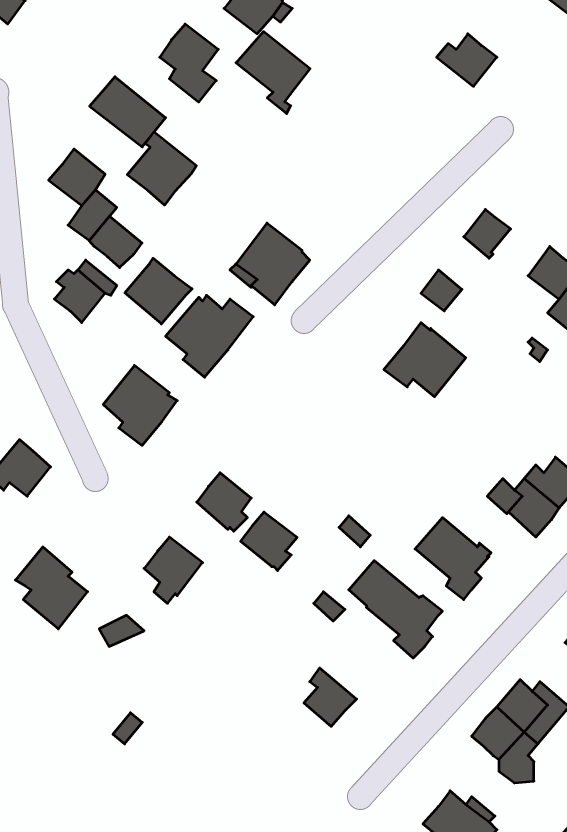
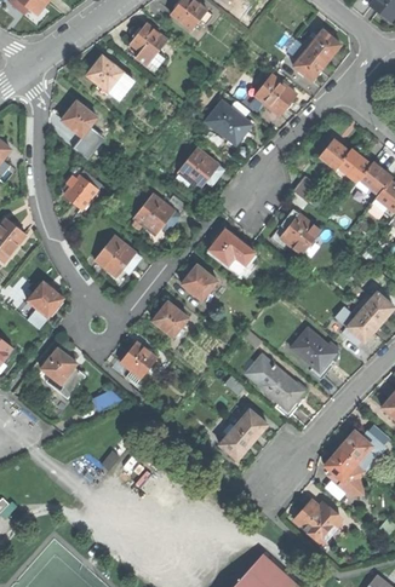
building: [236,32,310,114] -> [205,100,251,151]
building: none -> [293,44,325,80]
building: none -> [247,74,294,114]
building: [127,132,196,205] -> none
building: [89,216,142,268] -> none
building: none -> [336,148,370,182]
building: [125,258,192,324] -> none
building: none -> [208,229,253,272]
building: [241,512,297,571] -> [182,265,217,301]
building: none -> [229,409,267,442]

